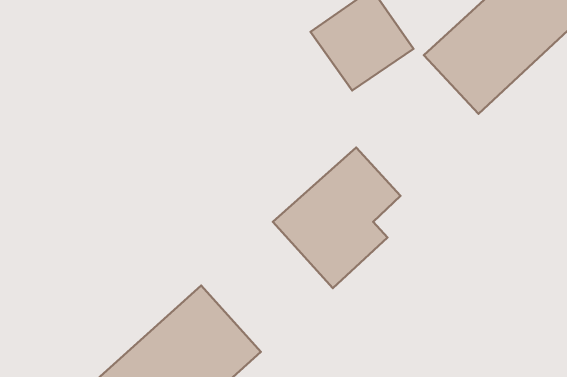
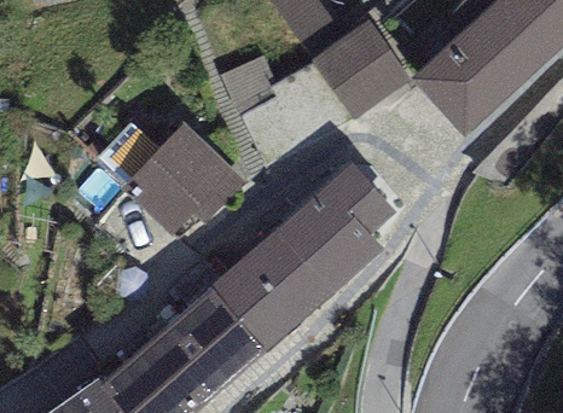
building: none -> [118,121,244,234]
building: none -> [208,232,330,353]

